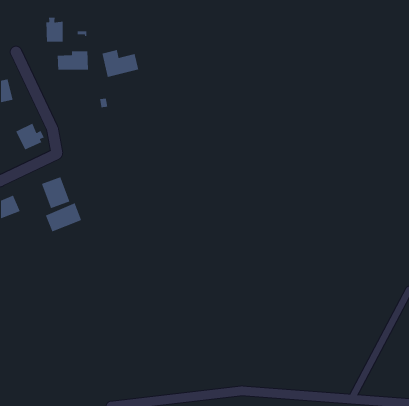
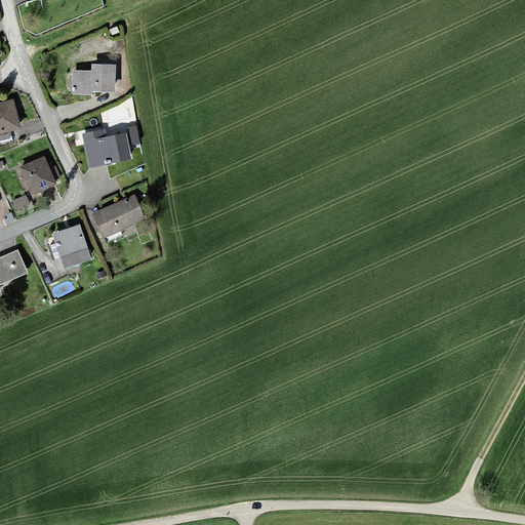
building: [45,17,64,42] -> none
building: [102,49,139,78] -> [81,129,129,166]
building: [45,202,82,233] -> [92,196,140,235]

